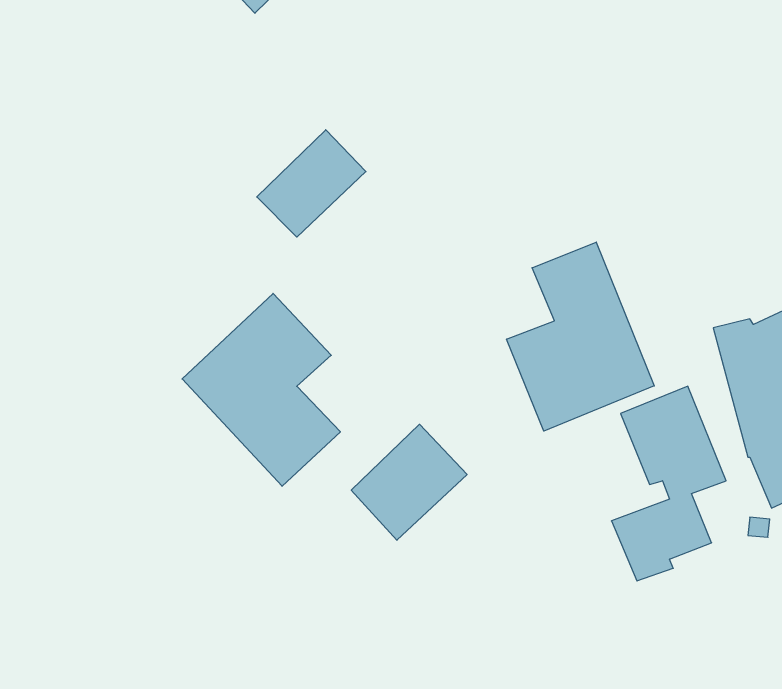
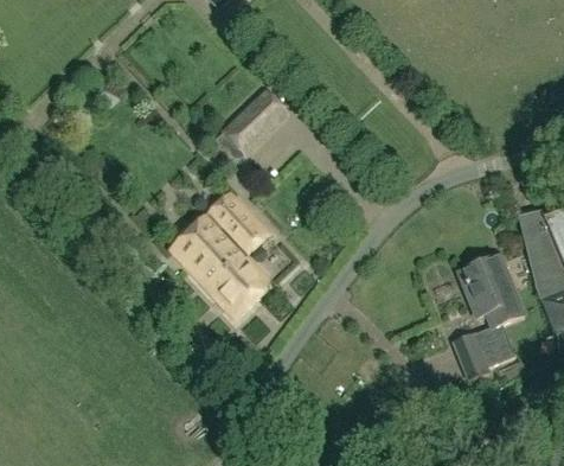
building: [507,242,654,431] -> none
building: [351,424,467,540] -> none

